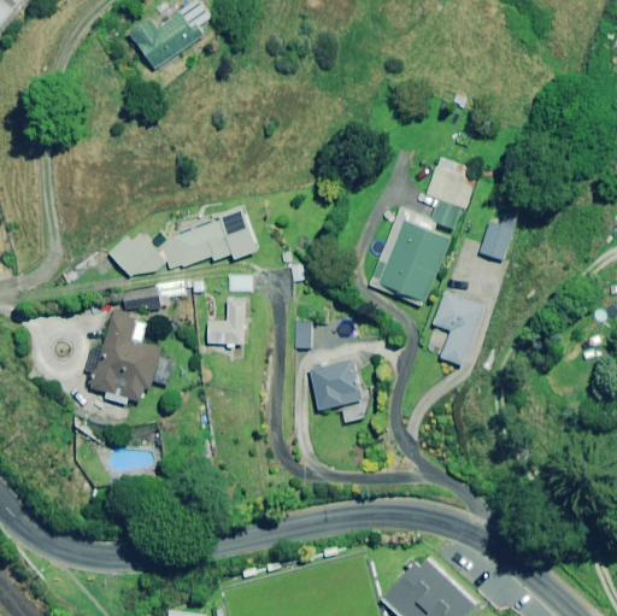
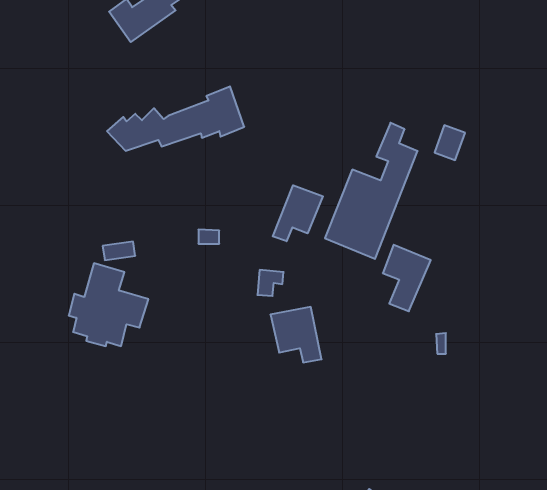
building: [108,204,260,275] -> [107,86,244,151]
building: [480,222,513,260] -> [435,125,465,160]
building: none -> [273,185,323,241]
building: [207,299,248,345] -> none

